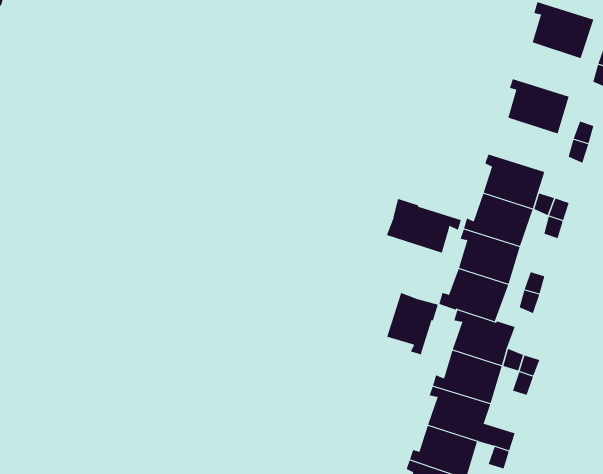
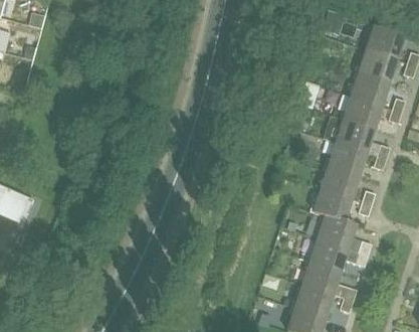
building: none -> [355,48,397,81]
building: none -> [340,95,383,128]
building: [386,198,462,253] -> none
building: [386,292,439,356] -> none

